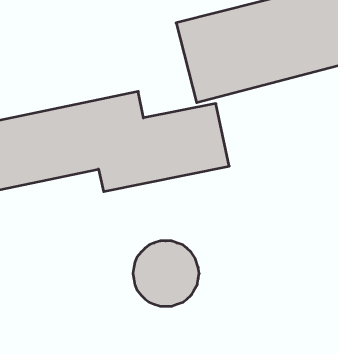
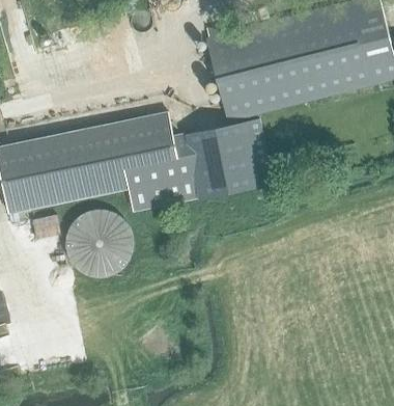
building: [133,241,199,306] -> [65,211,133,277]

